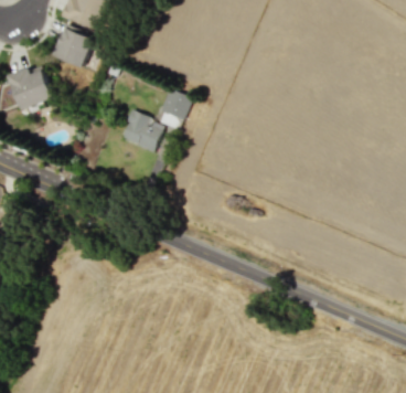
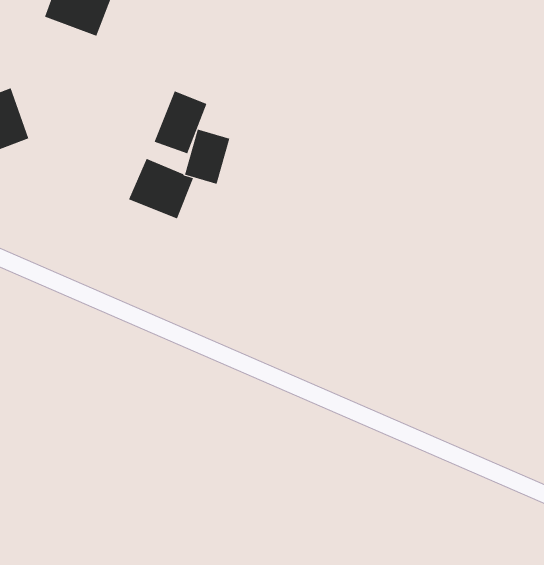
building: [55,28,93,66] -> none
building: none -> [154,91,207,154]

